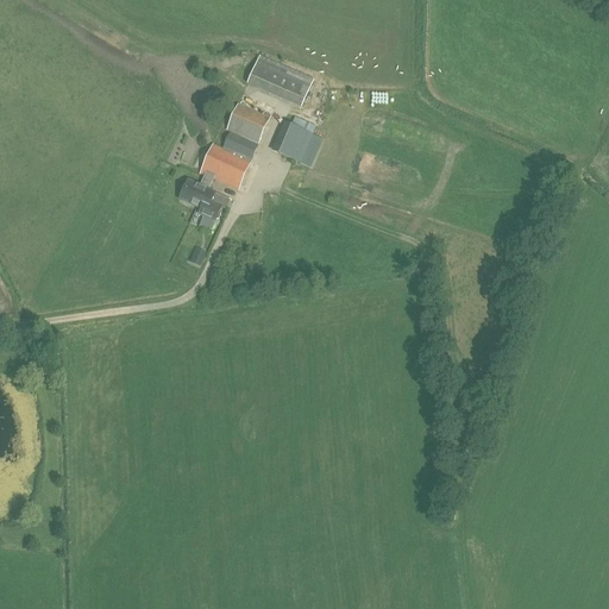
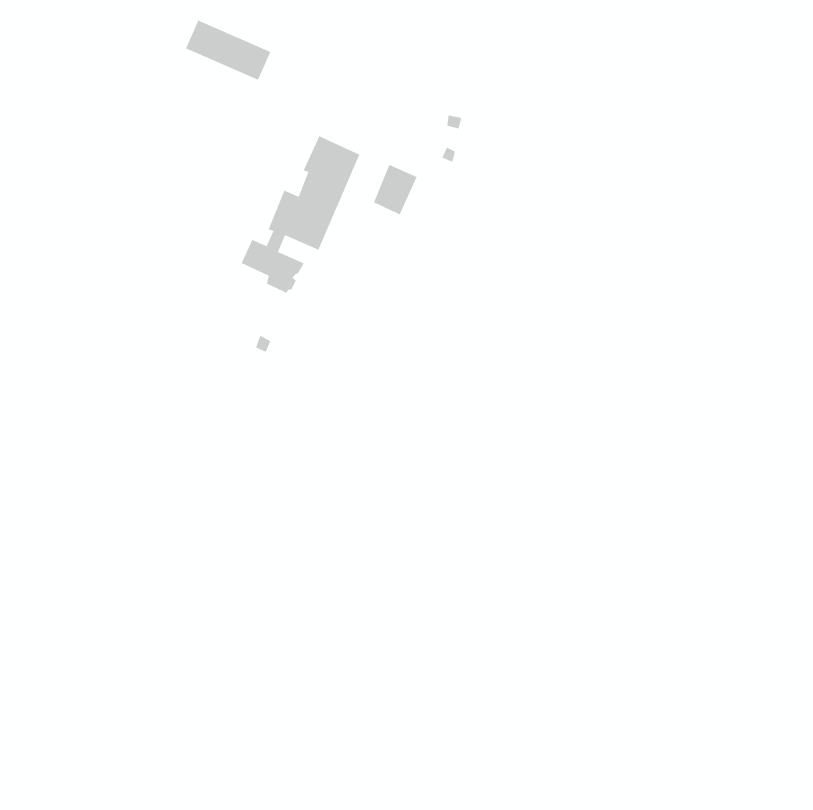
building: [246,59,310,105] -> [185,20,271,81]

